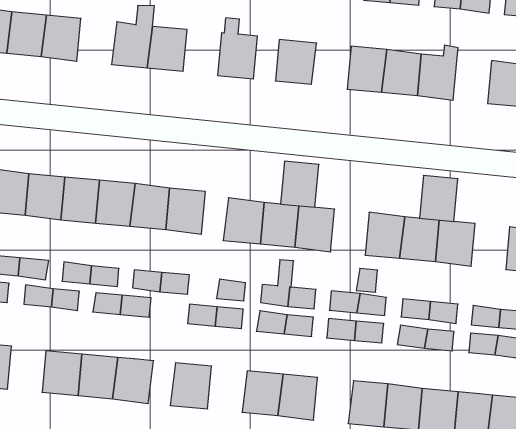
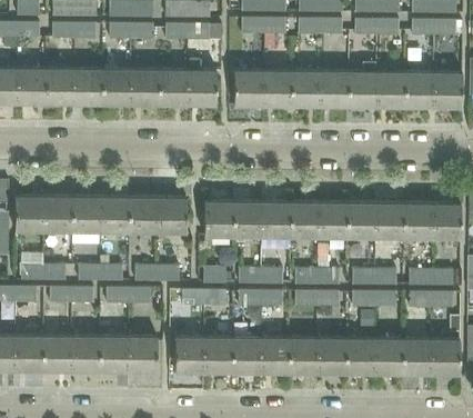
building: none -> [74,69,103,103]
building: none -> [160,70,188,104]
building: none -> [263,71,292,106]
building: none -> [378,72,405,107]
building: [281,161,319,207] -> [291,202,319,237]
building: [419,175,458,222] -> [404,203,432,238]
building: none -> [43,336,71,370]
building: none -> [204,337,233,371]
building: none -> [290,338,319,372]

